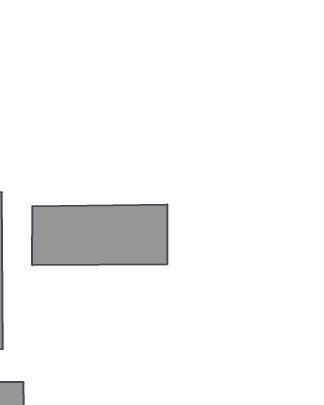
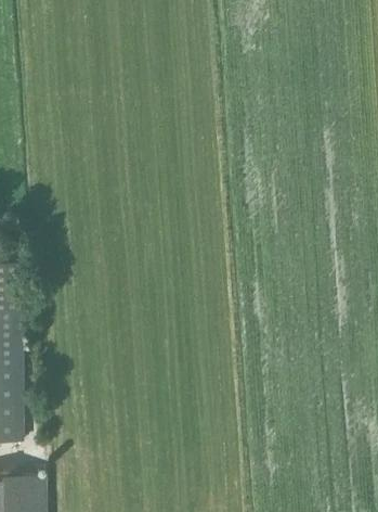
building: [32,204,167,265] -> none

